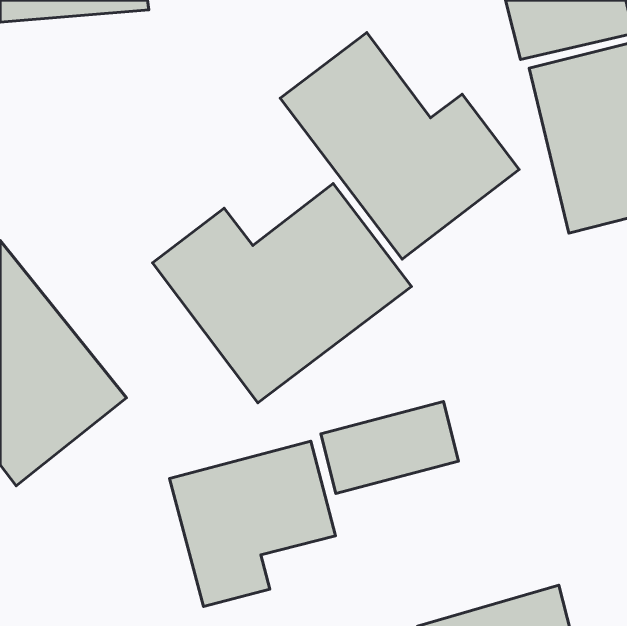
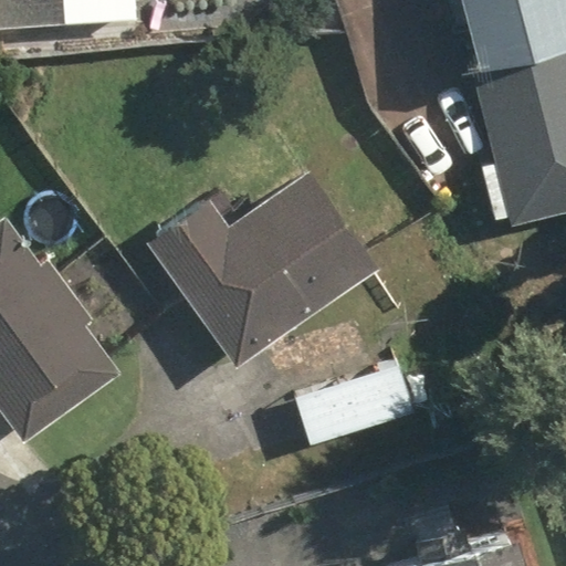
building: [280,33,519,259] -> none
building: [169,441,336,607] -> none

